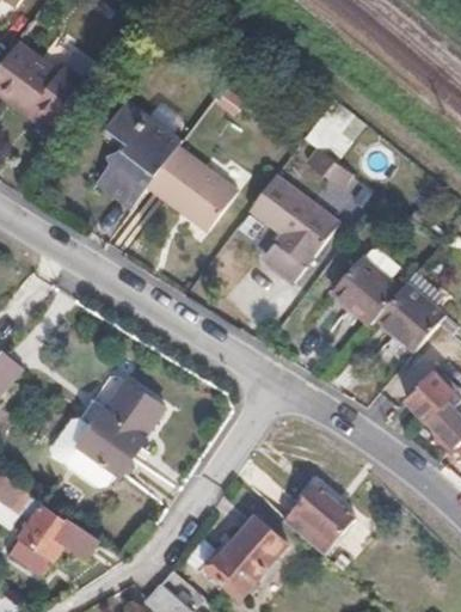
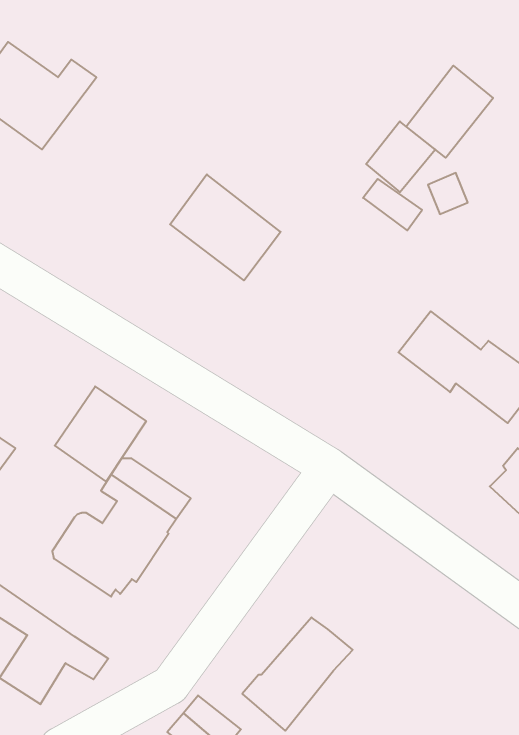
building: none -> [406,66,493,158]
building: [97,99,183,204] -> none
building: [246,177,337,269] -> none
building: none -> [55,386,146,482]
building: [276,478,349,550] -> none

